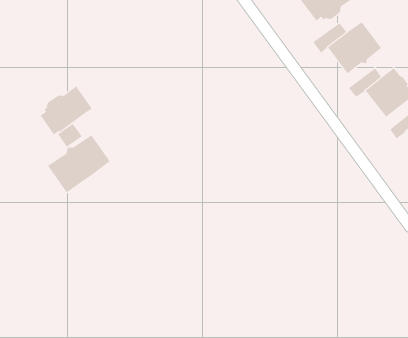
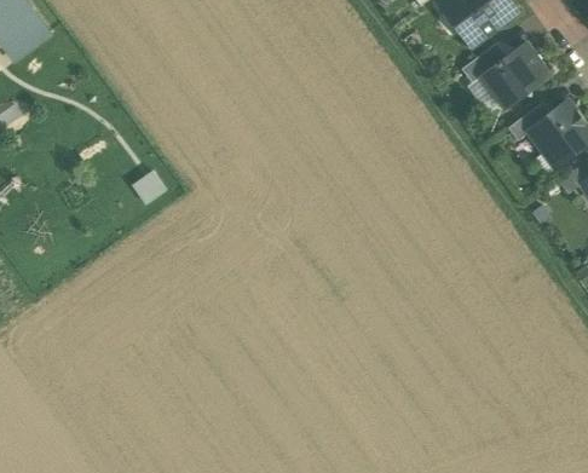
building: [40,86,92,135] -> none
building: [47,135,110,193] -> none

